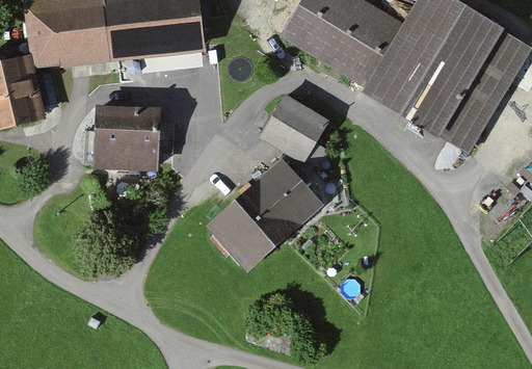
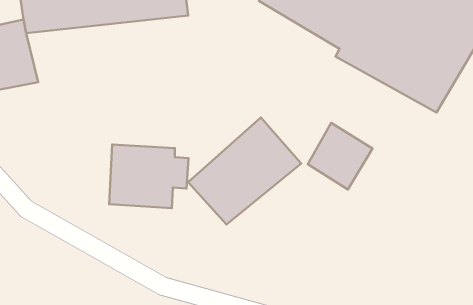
building: [261,93,329,163] -> [308,123,373,190]
building: [91,105,176,173] -> [109,144,189,208]

